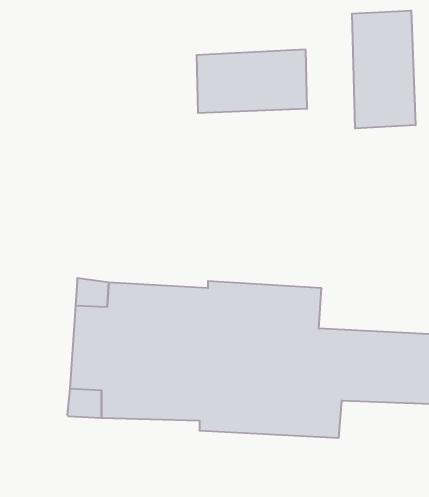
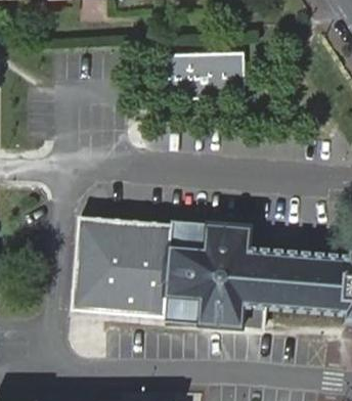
building: [352,10,416,129] -> none

